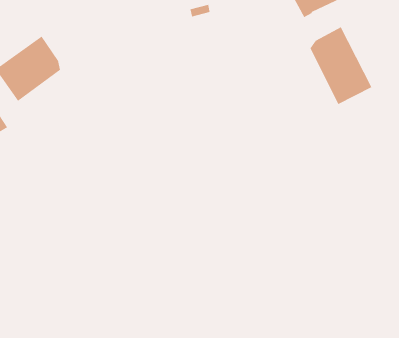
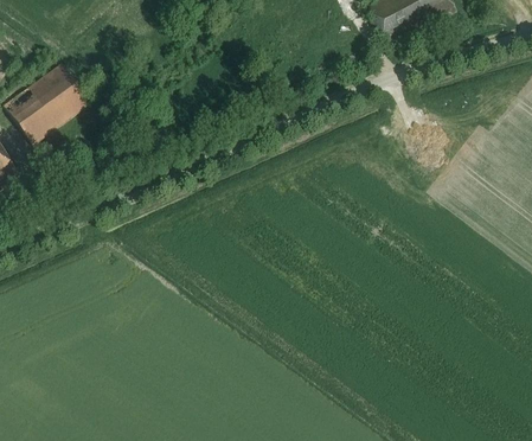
building: [309,26,372,105] -> none

